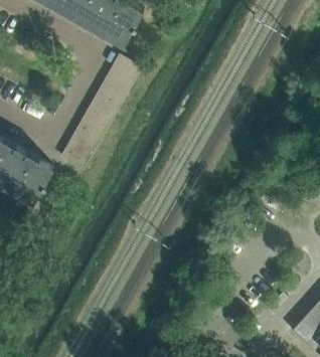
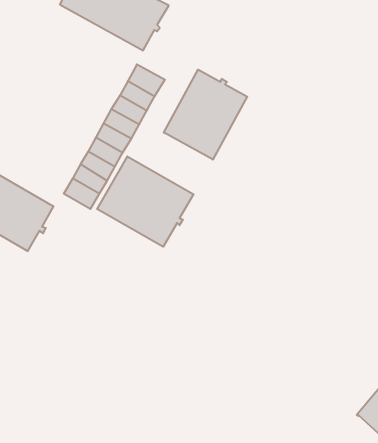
building: none -> [164,70,247,160]
building: none -> [97,156,194,247]

